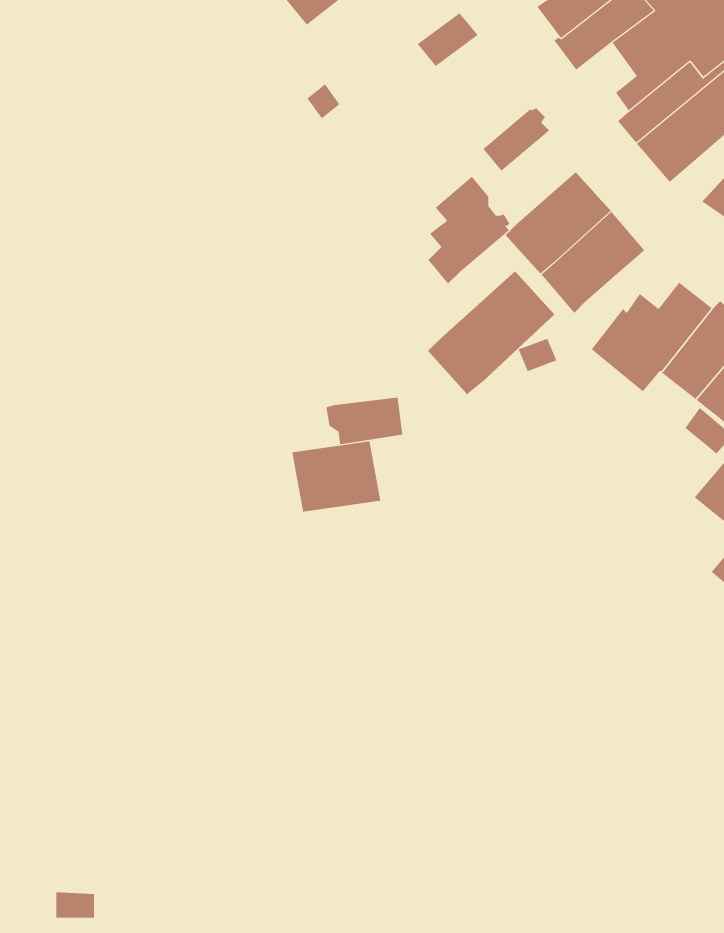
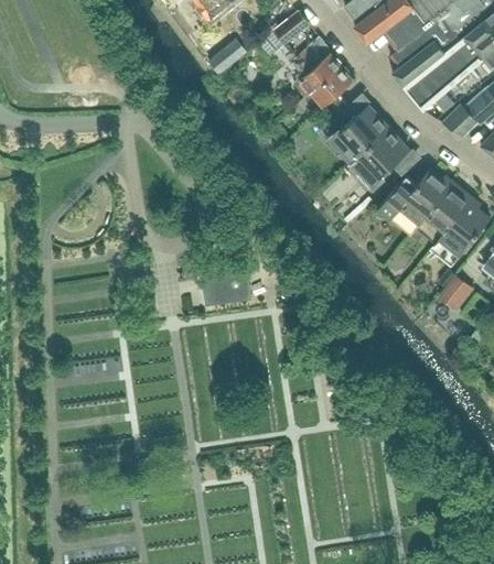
building: [427,176,510,284] -> [294,35,343,99]
building: [427,271,555,395] -> none
building: [326,396,403,445] -> none

